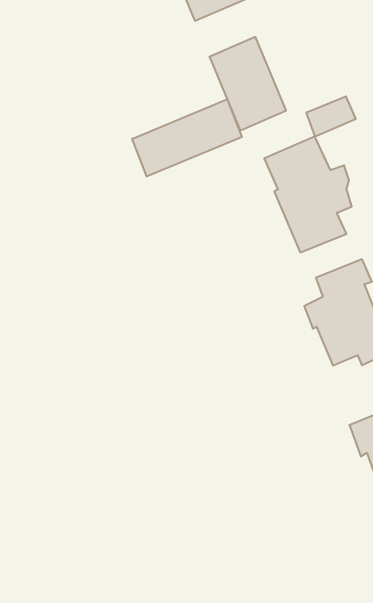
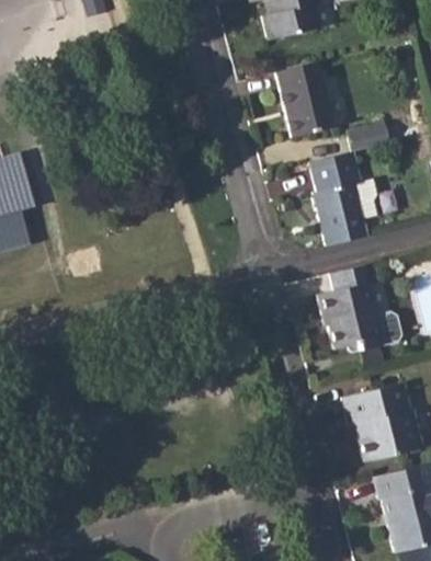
building: [132,99,242,177] -> none

